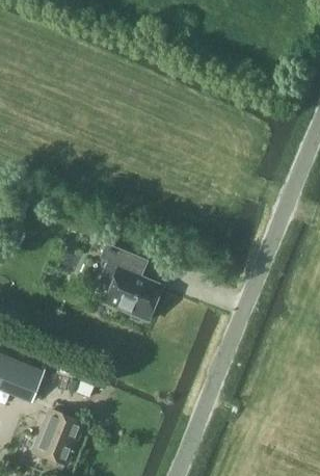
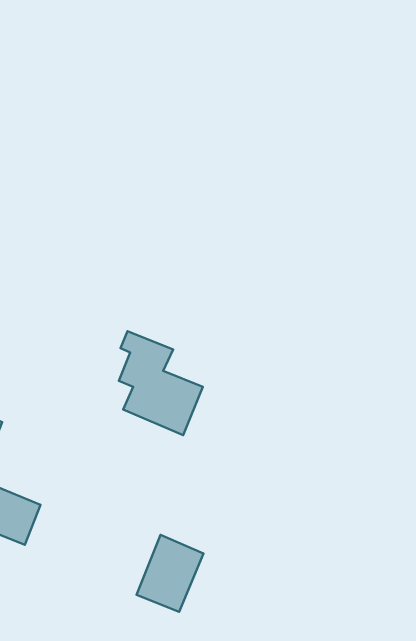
building: [33,409,82,466] -> [136,535,203,612]

